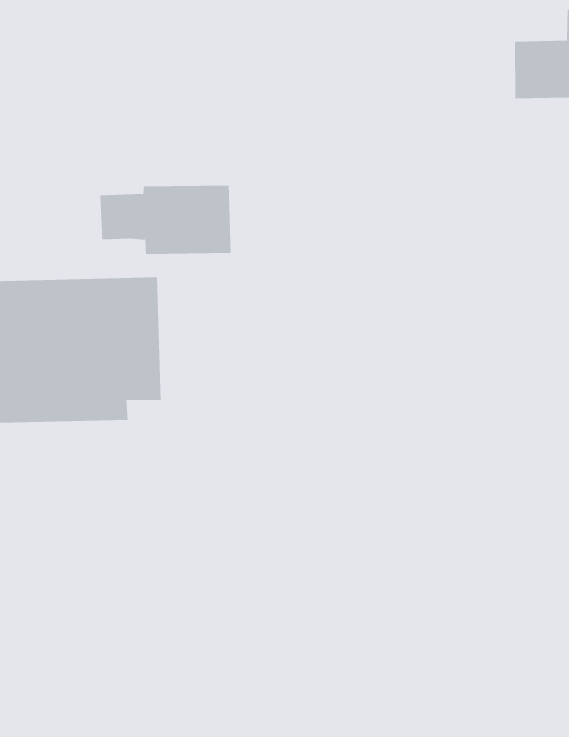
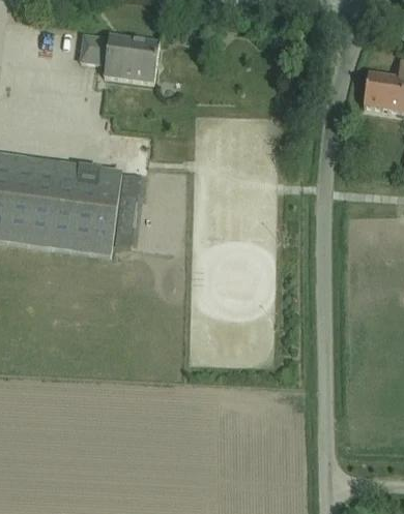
building: [100,185,231,254] -> [80,33,158,80]

